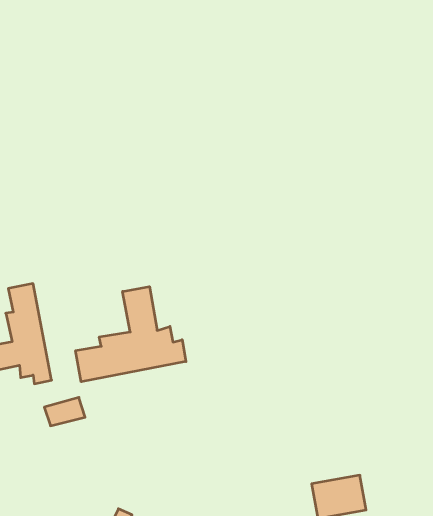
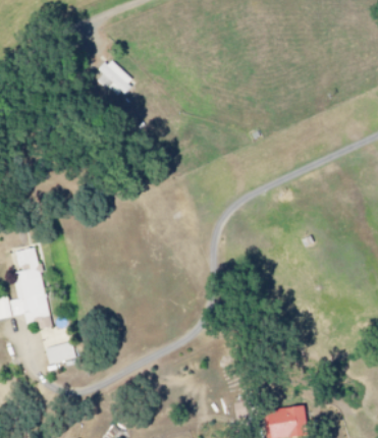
building: none -> [100,58,136,97]
building: [76,287,186,382] -> none

